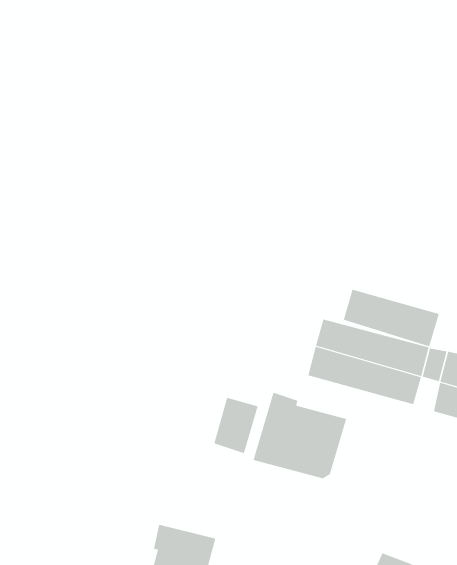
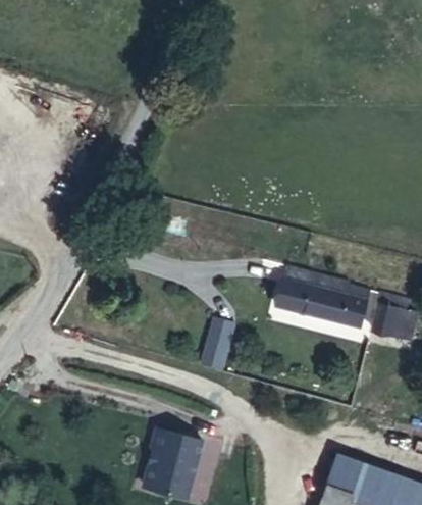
building: [343,289,440,347] -> none
building: [253,392,347,479] -> none

